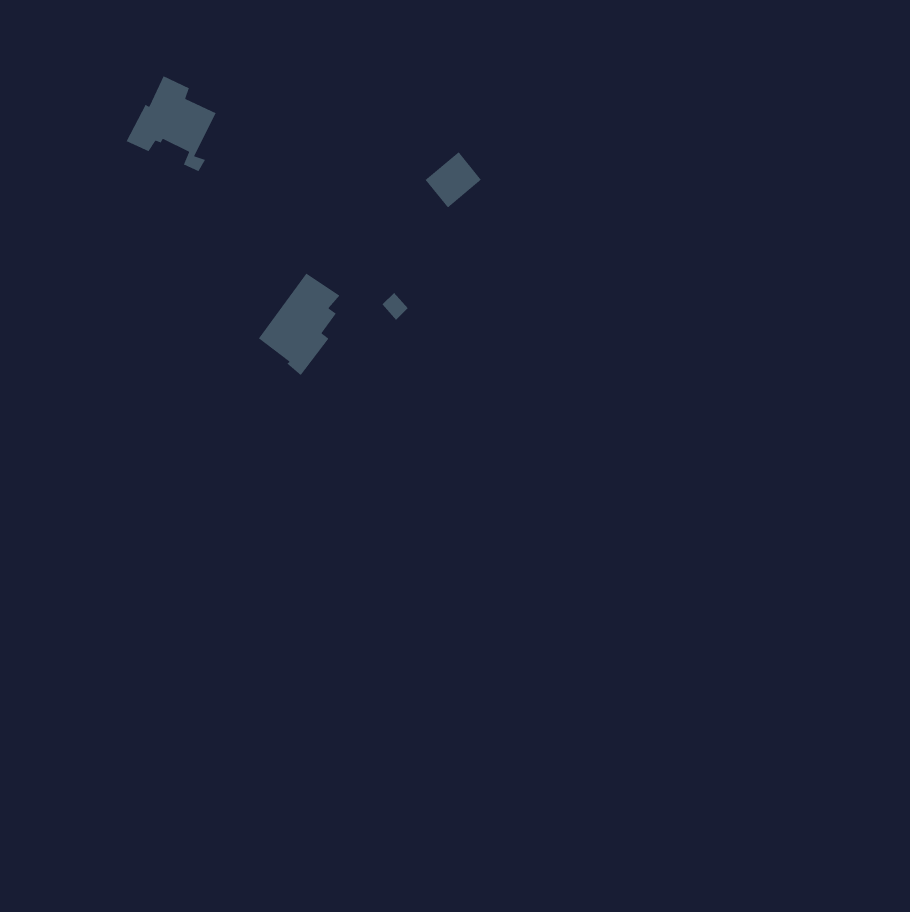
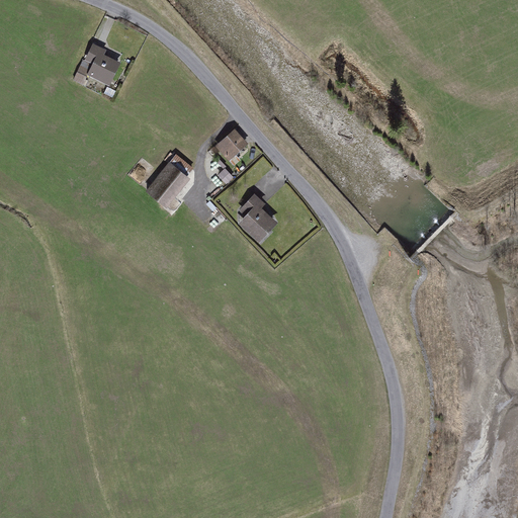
building: [425,151,482,208] -> [215,131,248,163]
building: none -> [239,193,278,243]

